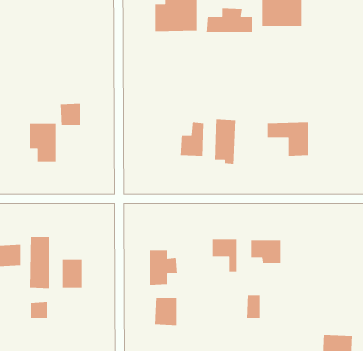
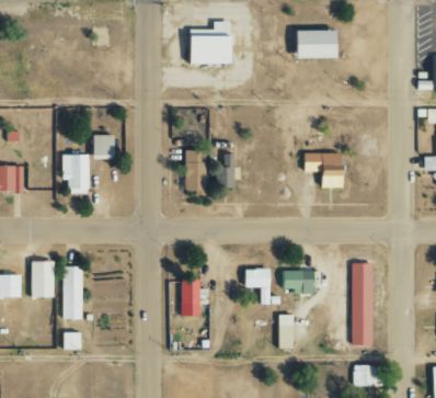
building: [206,7,253,33] -> none
building: [214,119,236,165] -> [185,149,207,195]
building: none -> [352,263,374,345]
building: [62,259,82,288] -> none
building: [154,297,177,326] -> none

